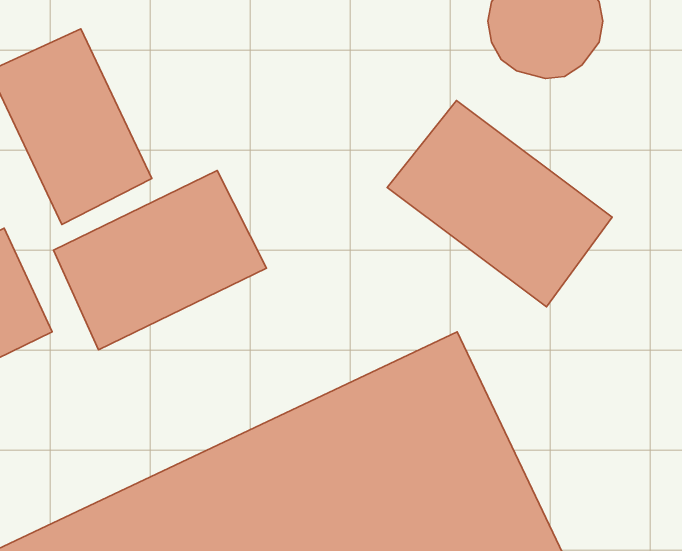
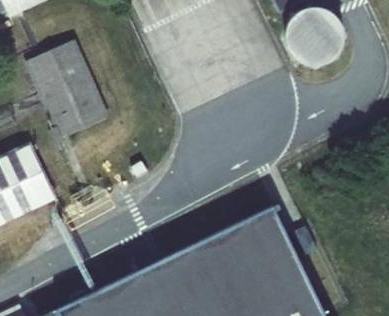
building: [387,101,612,307] -> none
building: [53,170,266,350] -> none

